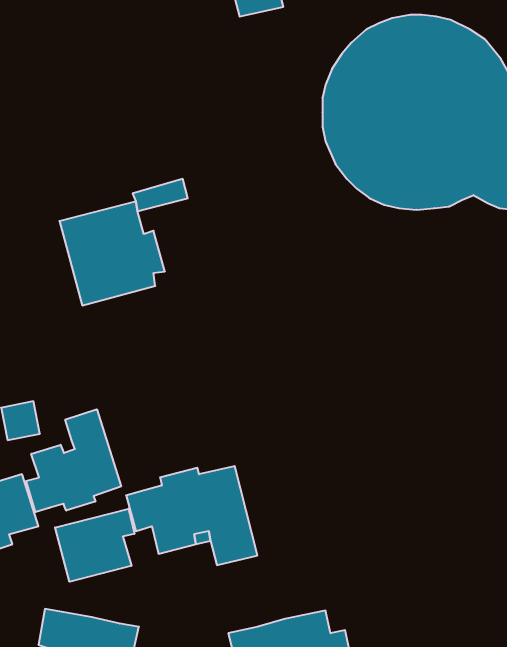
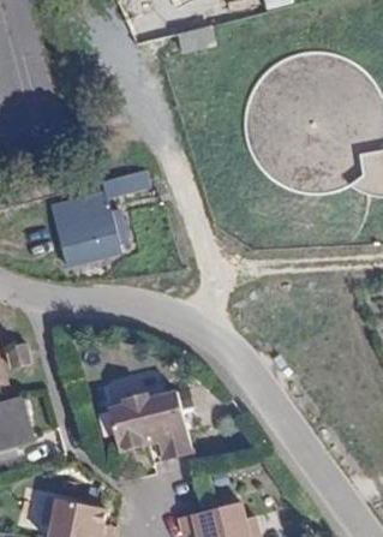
building: [26,409,121,512] -> none
building: [55,509,134,582] -> none

